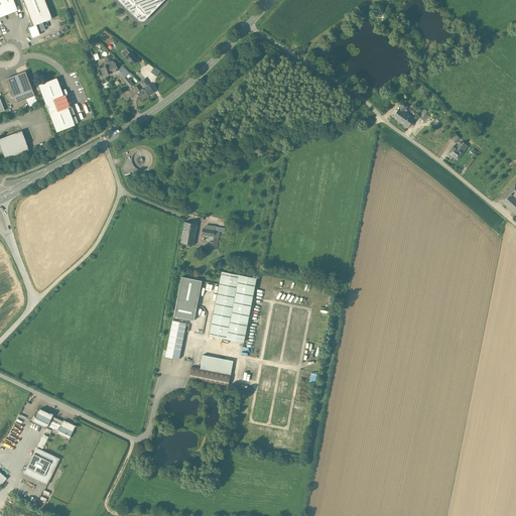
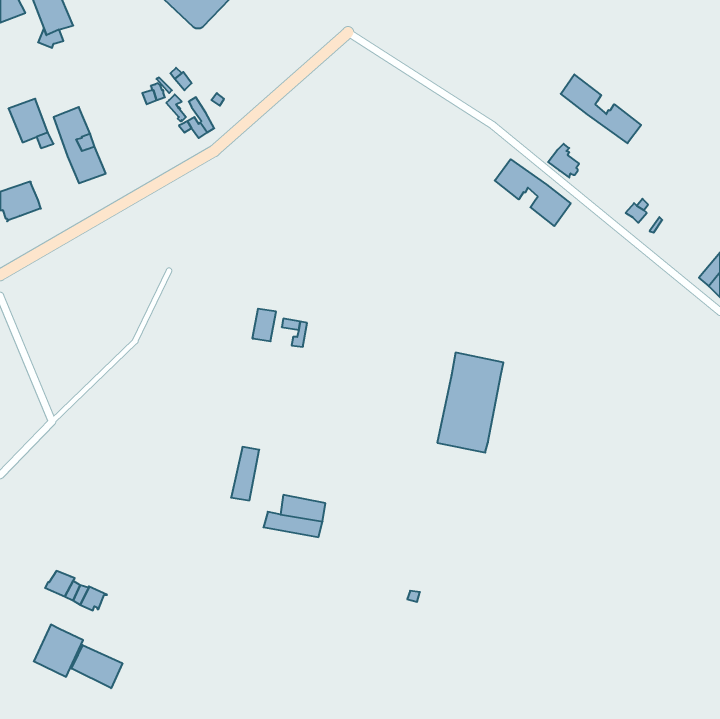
building: none -> [561,74,641,143]
building: none -> [495,159,571,226]
building: [209,270,256,342] -> [437,353,503,453]
building: [174,276,202,319] -> none
building: none -> [71,645,122,688]

